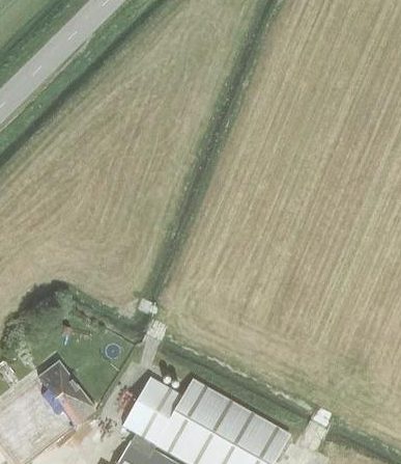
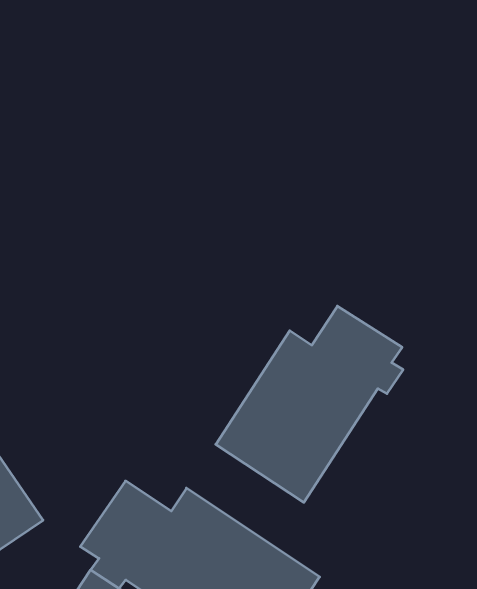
building: none -> [216,306,403,502]

